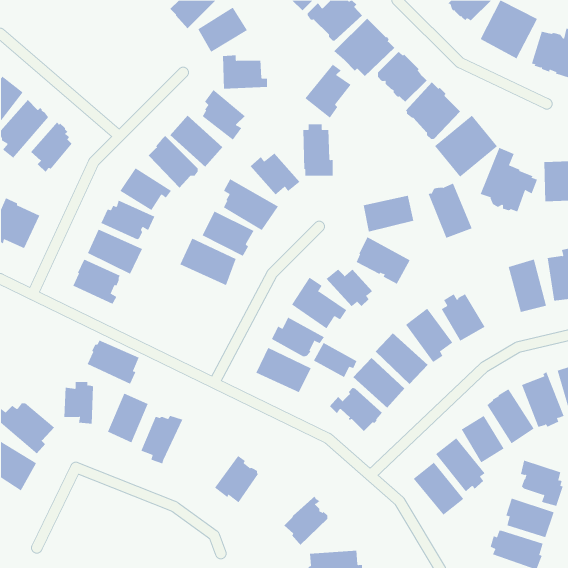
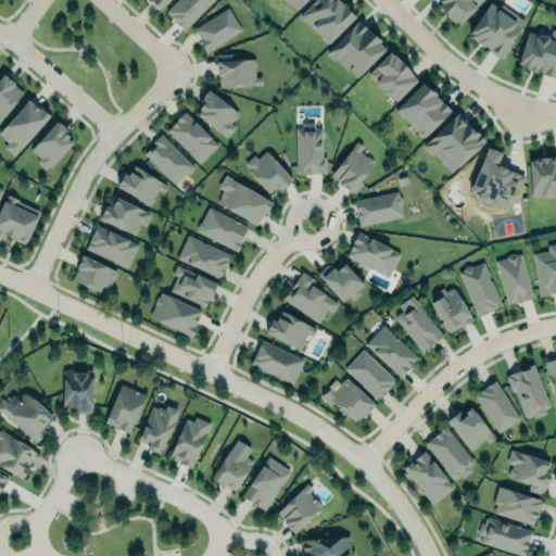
building: [305,64,351,118] -> [330,141,376,194]
building: [428,183,473,239] -> [460,262,504,316]
building: none -> [172,265,219,307]
building: [87,340,139,384] -> [151,293,202,337]
building: [313,342,357,378] -> none
building: none -> [169,417,212,468]
building: none -> [243,457,292,510]

